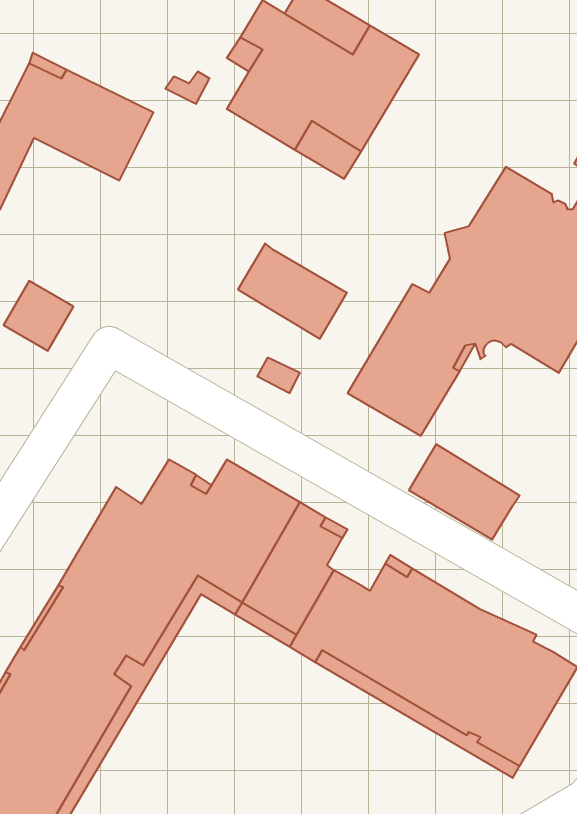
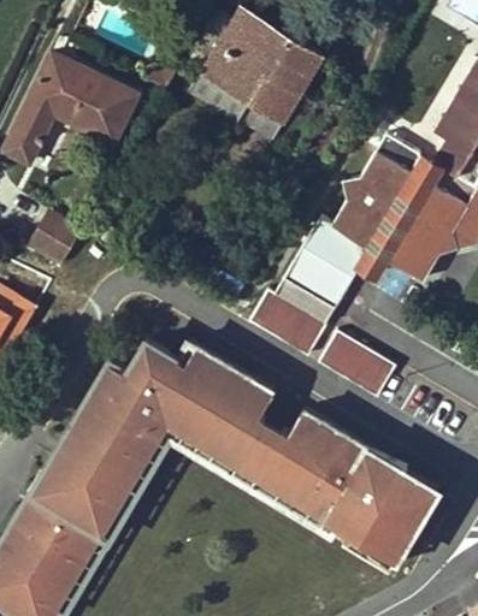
building: [238,243,347,339] -> [249,290,326,357]

